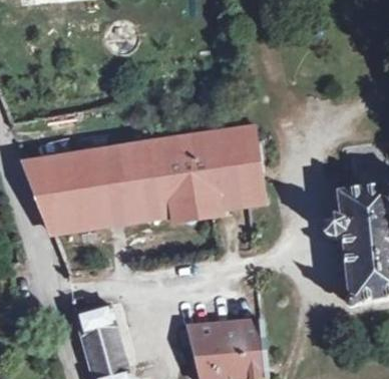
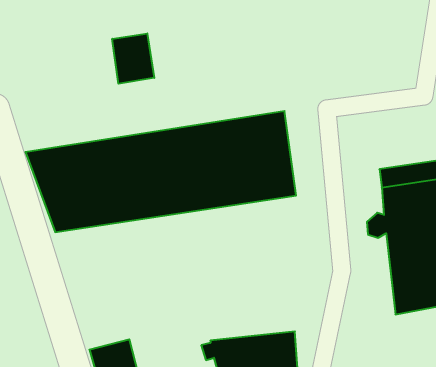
building: none -> [112,33,154,84]
building: [73,304,114,335] -> none

